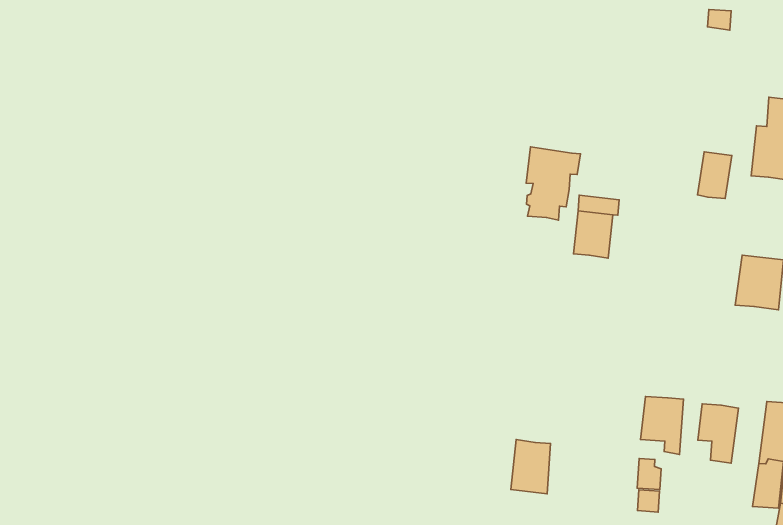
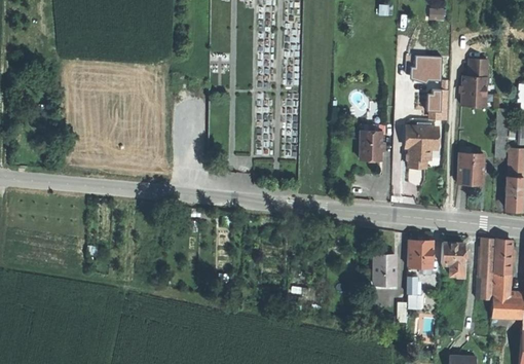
building: none -> [413,58,443,84]
building: [526,147,580,220] -> [406,125,437,168]
building: [511,439,551,494] -> [374,253,396,284]

